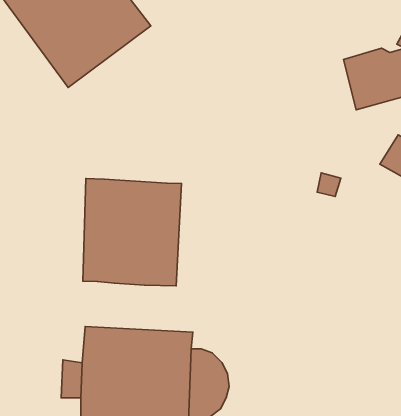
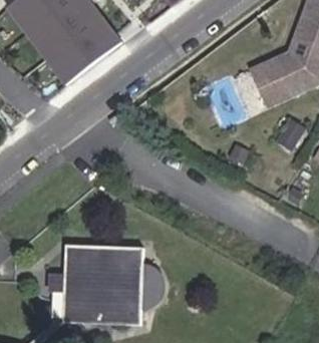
building: [83,178,182,286] -> none

